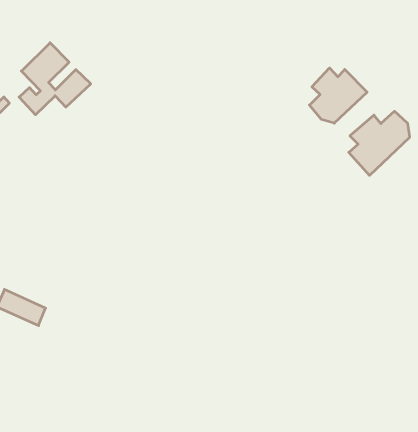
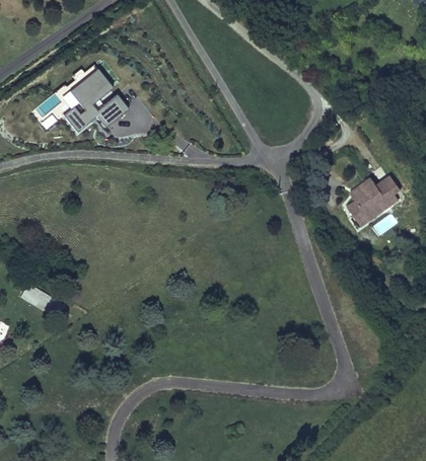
building: [309,68,367,123] -> none

